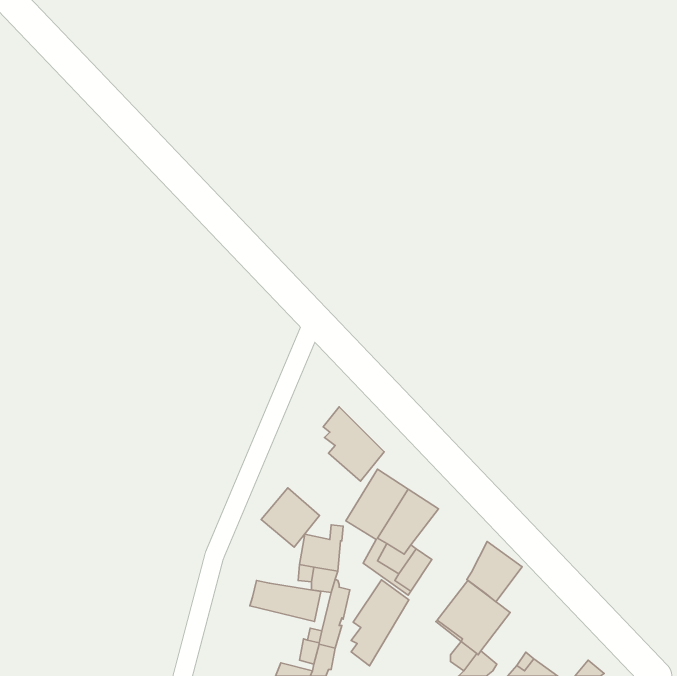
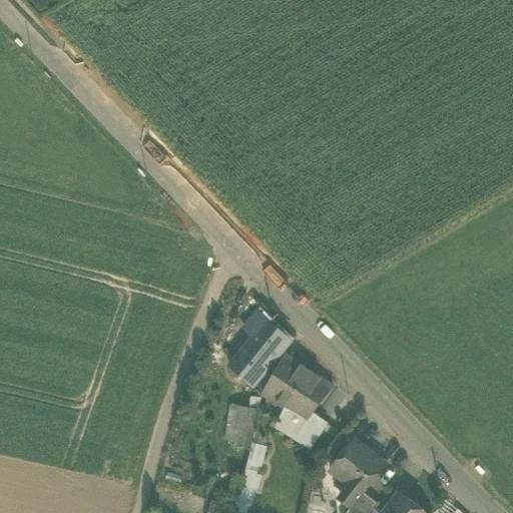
building: [261,488,319,547] -> [228,343,273,388]
building: [467,542,522,602] -> none
building: [351,580,409,666] -> none
building: [250,581,321,621] -> none

